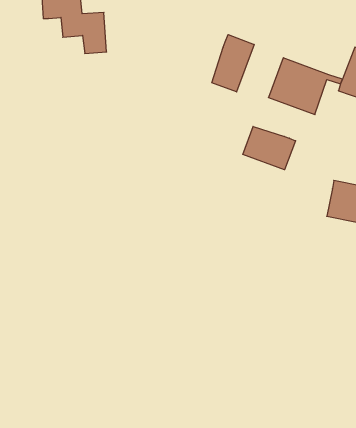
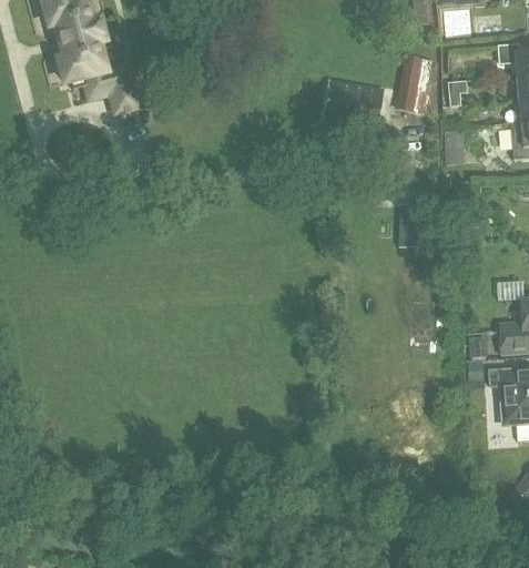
building: [212,35,254,92] -> none
building: [243,126,296,170] -> none

